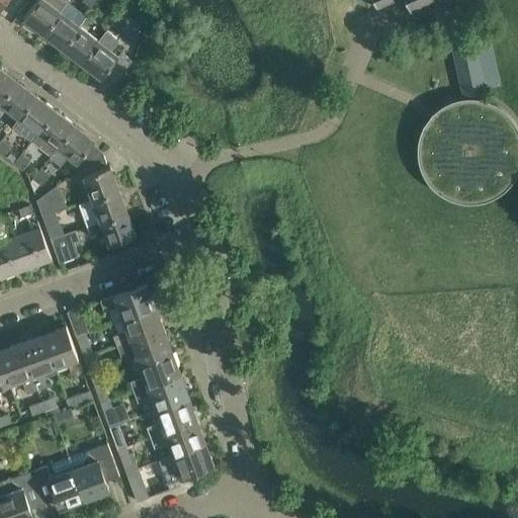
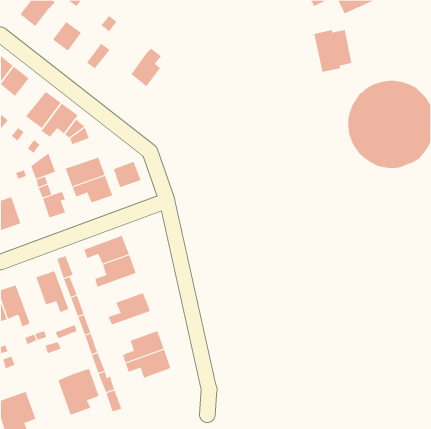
building: [42,12,79,50] -> none
building: [82,32,119,79] -> [131,48,162,87]
building: [452,46,499,97] -> [313,30,352,73]
building: [11,96,55,142] -> none
building: [84,167,118,199] -> [113,161,141,188]
building: [14,229,52,270] -> none
building: [116,330,172,365] -> none
building: [19,335,55,391] -> none
building: [134,375,189,411] -> none
building: [163,444,214,485] -> none
building: [31,458,84,510] -> none

